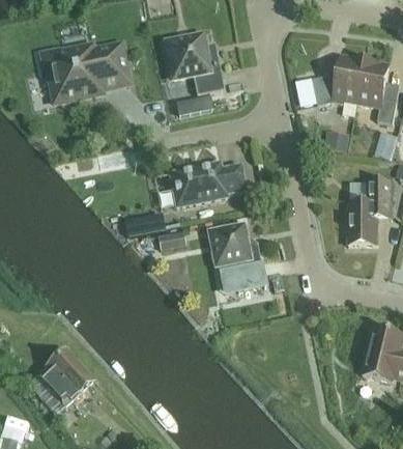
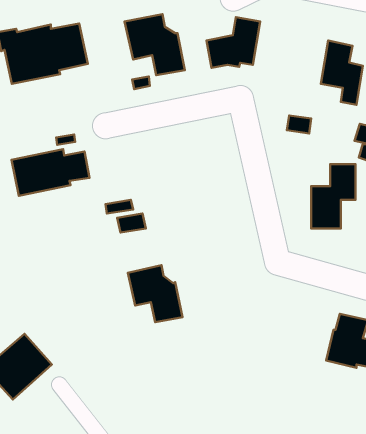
building: [312,56,365,106] -> [206,17,260,68]
building: [169,162,246,207] -> [12,149,90,196]
building: [209,225,263,281] -> [128,265,183,322]

